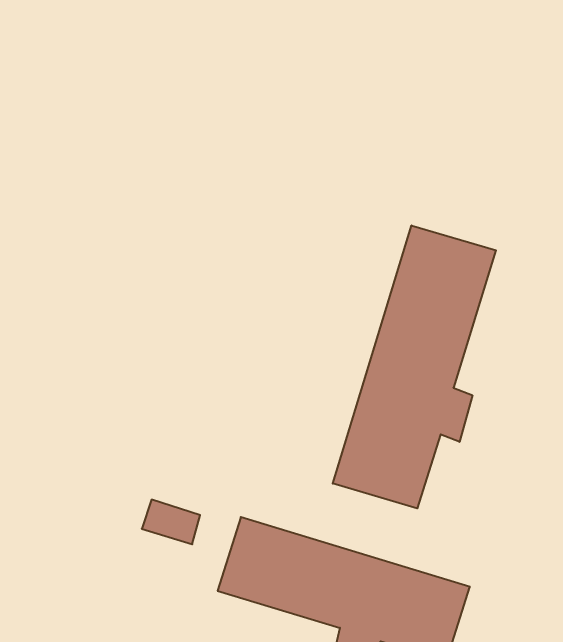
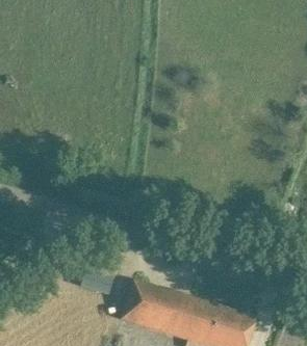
building: [333,225,496,508] -> none

